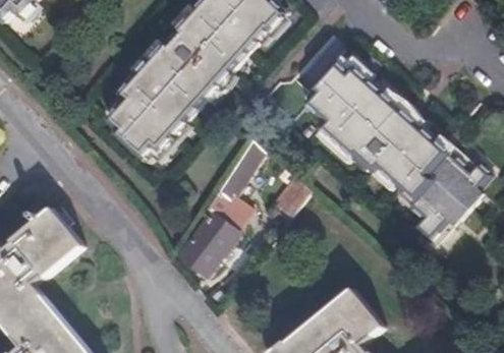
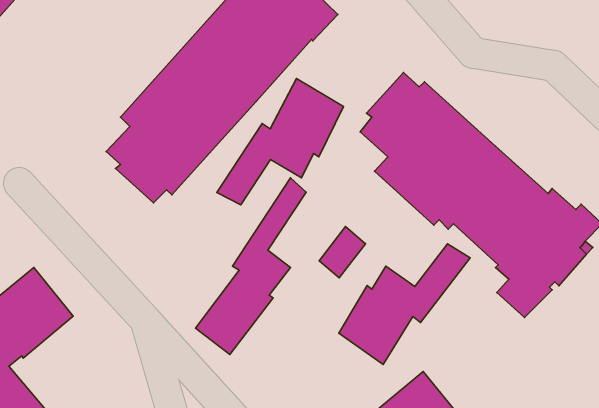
building: none -> [217,79,344,205]
building: none -> [339,244,470,364]

